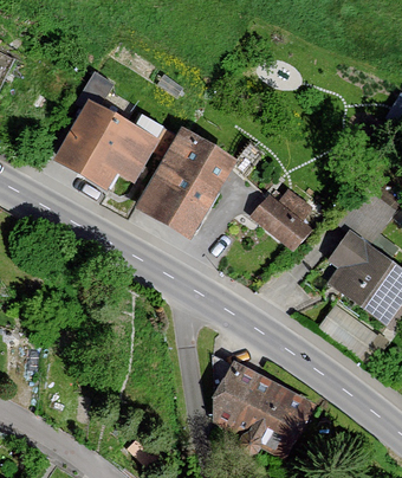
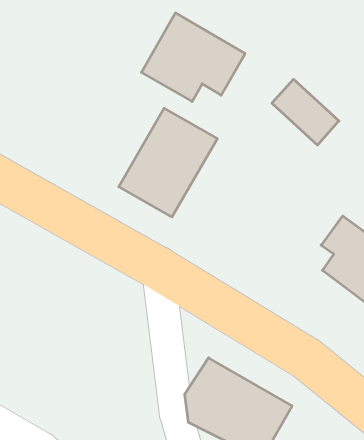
building: [61,101,158,183] -> [141,13,245,102]
building: [242,187,305,248] -> [272,79,339,145]

